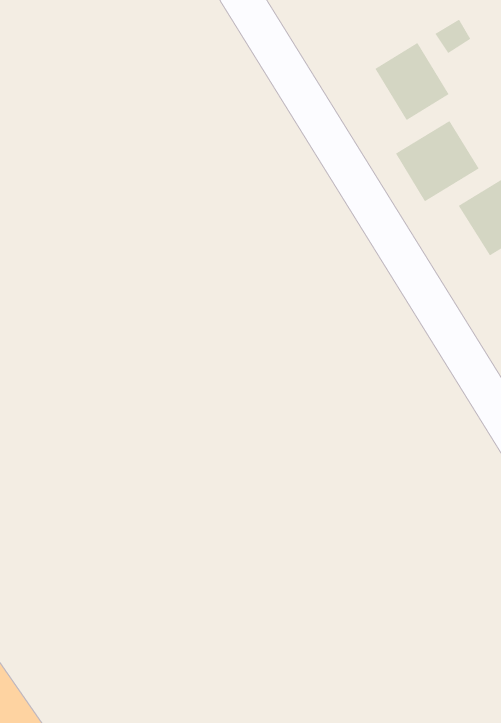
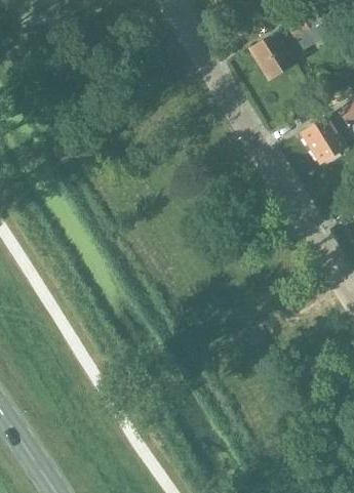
building: [395,120,479,202] -> none

